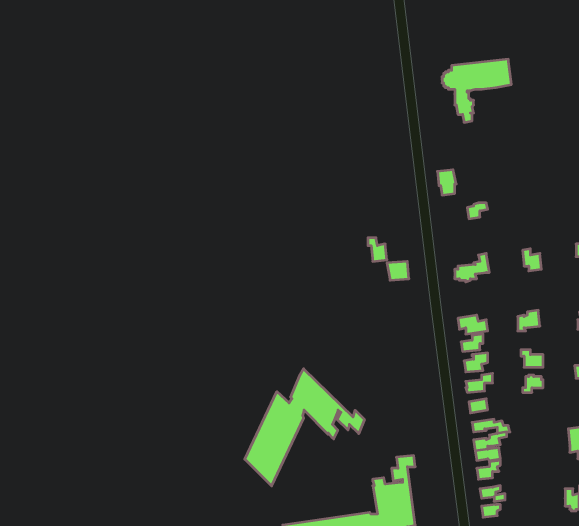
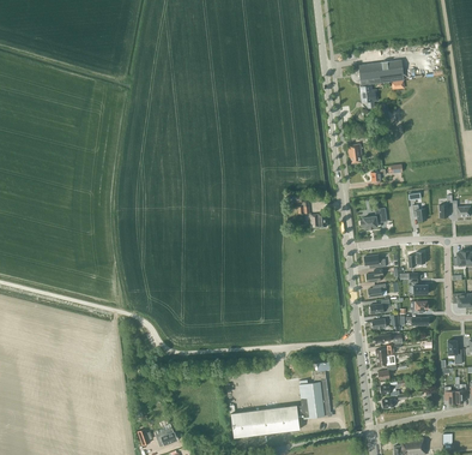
building: [245,369,364,486] -> none

